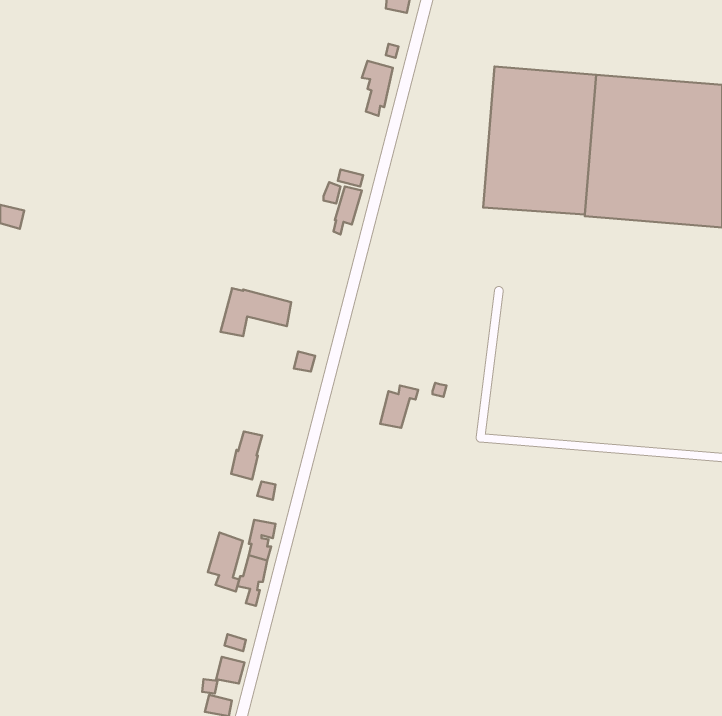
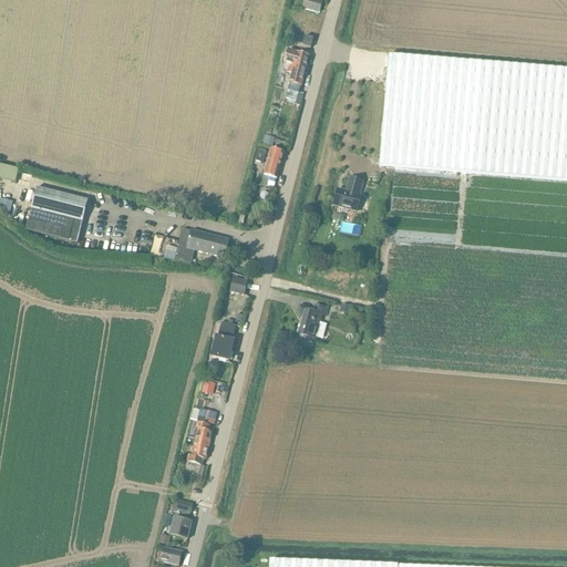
building: none -> [333,175,362,208]
building: none -> [25,185,87,240]
building: [231,431,262,479] -> [212,320,236,358]
building: [208,532,243,592] -> none

